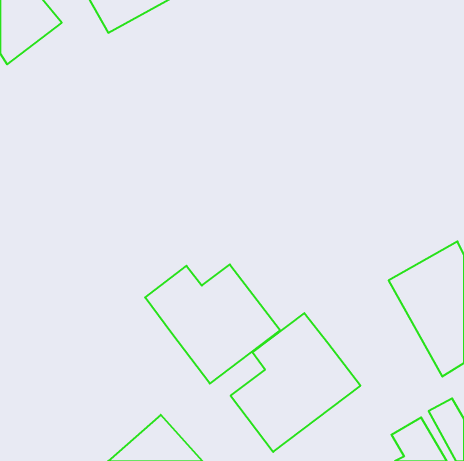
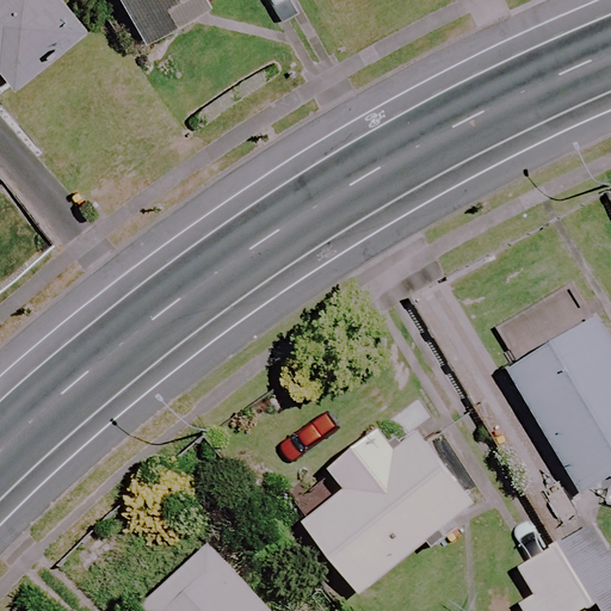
building: [145,264,280,384] -> none

